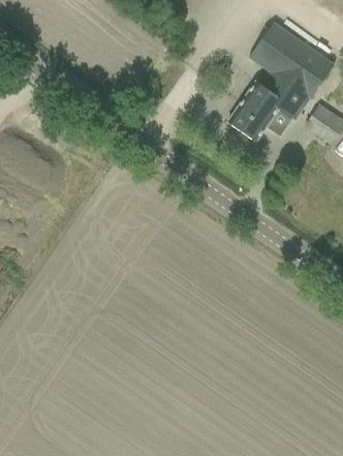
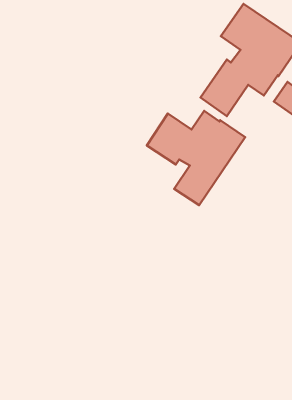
building: none -> [147,111,245,205]

